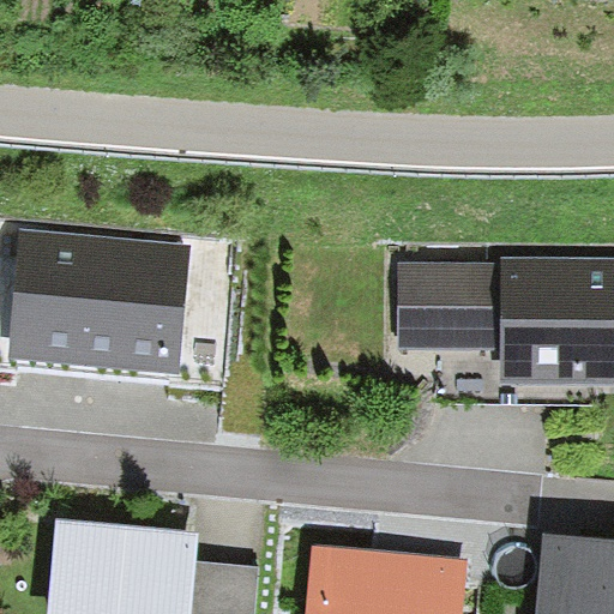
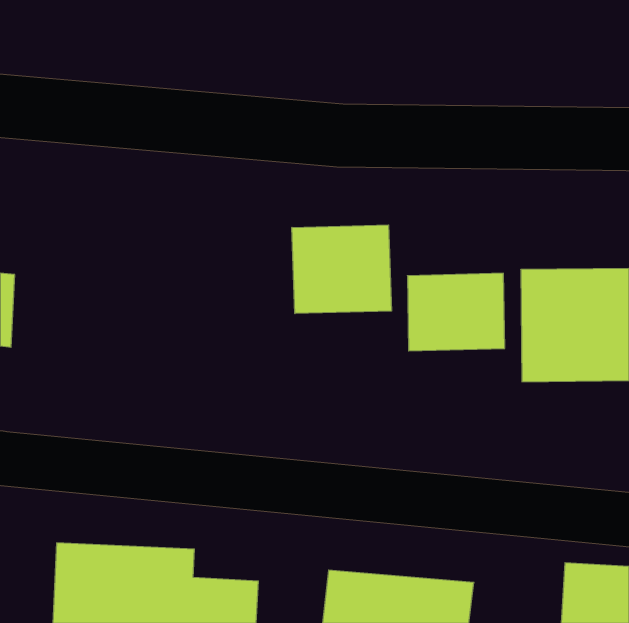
building: none -> [292,225,391,314]
building: [13,229,191,373] -> none

